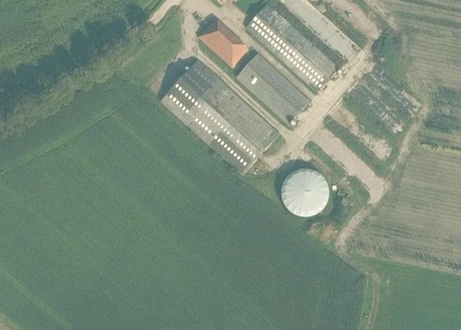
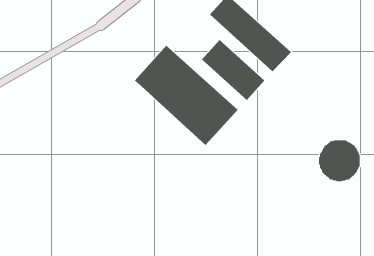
building: [199,16,249,64] -> none
building: [282,168,329,216] -> [318,140,361,182]

